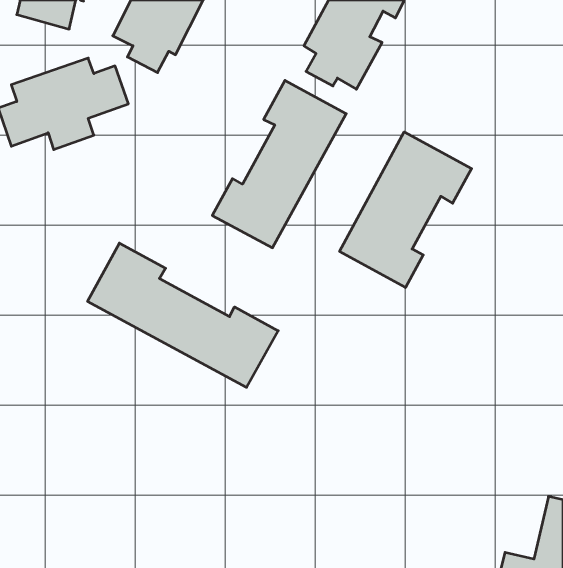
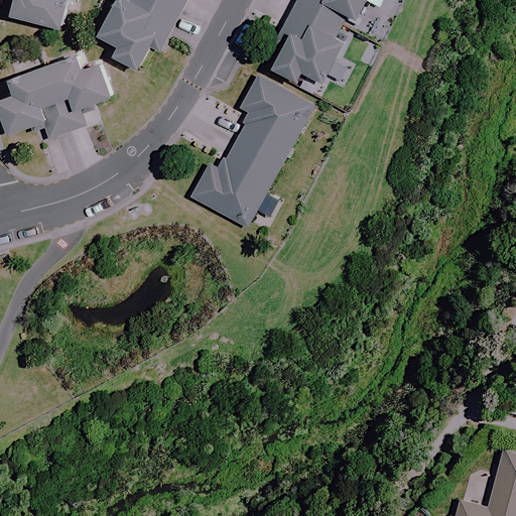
building: [340,132,472,288] -> none
building: [88,243,278,387] -> none

